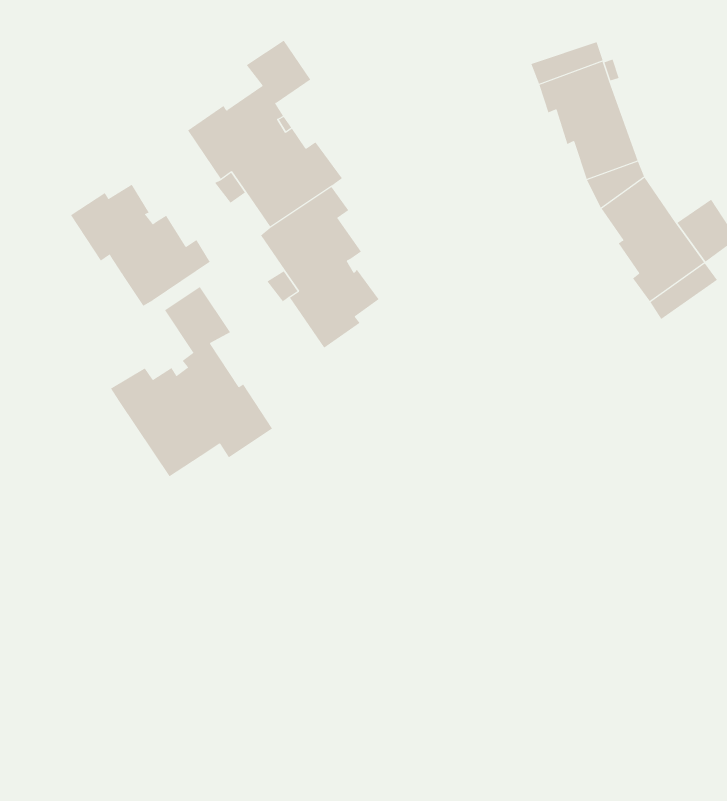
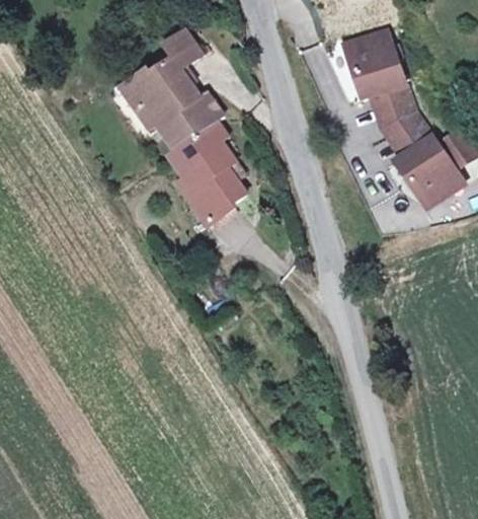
building: [70,184,211,306] -> none
building: [110,286,273,477] -> none

